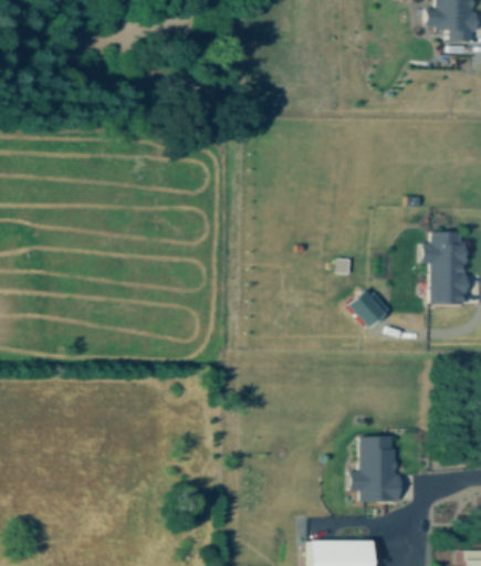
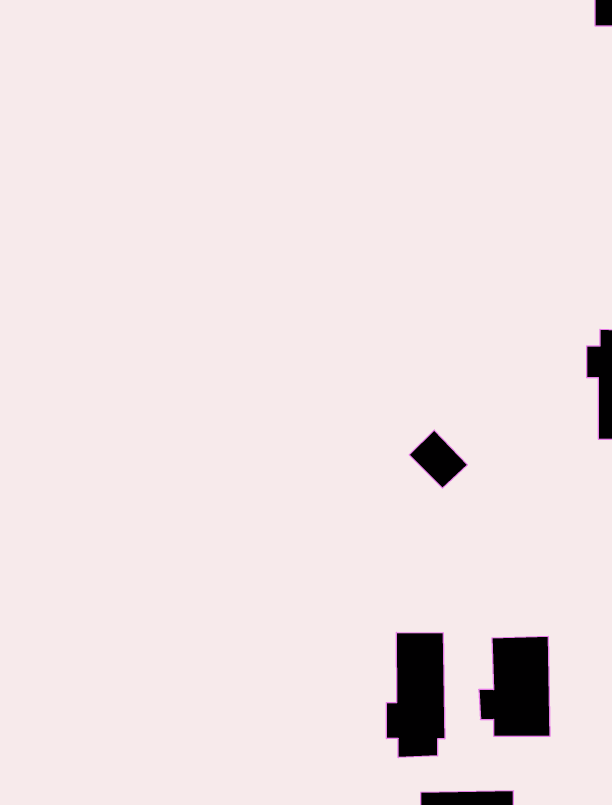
building: [347,290,386,328] -> [409,430,467,488]
building: none -> [386,632,445,758]

